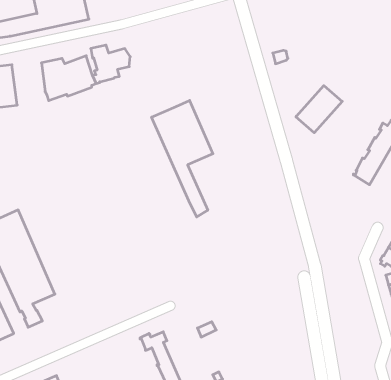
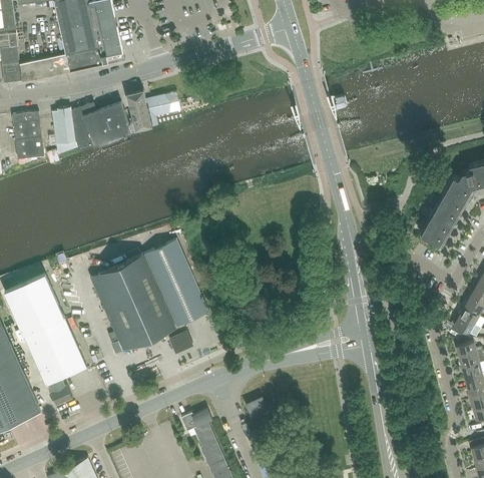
building: none -> [52,107,75,144]
building: [296,86,342,133] -> none
building: [152,100,213,217] -> none
building: none -> [90,240,208,354]

